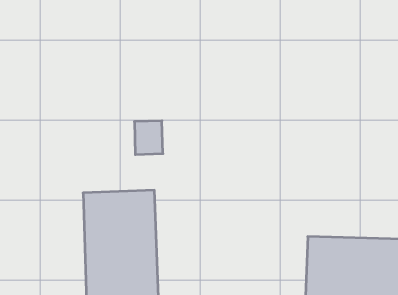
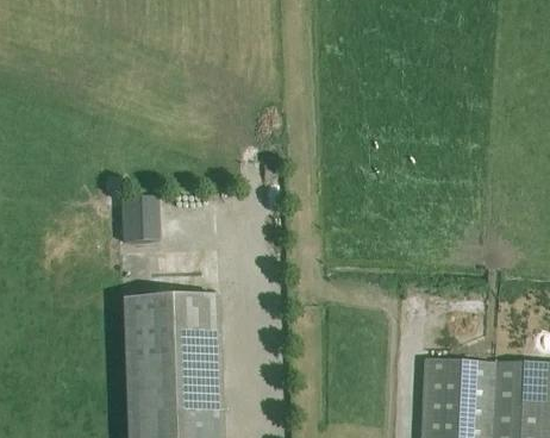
building: [134,121,163,155] -> [123,195,161,240]

